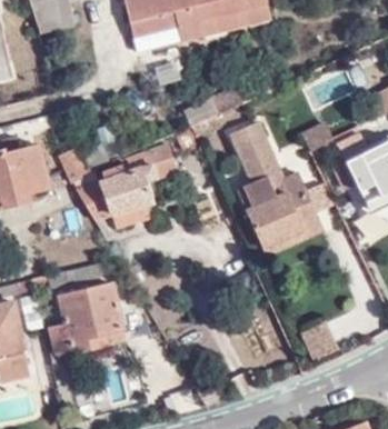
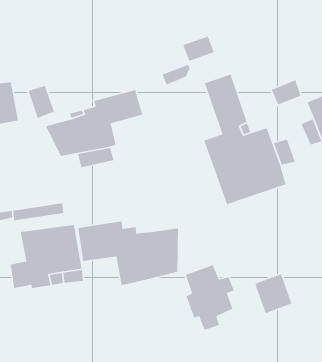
building: none -> [77,220,179,285]
building: none -> [185,264,235,331]

